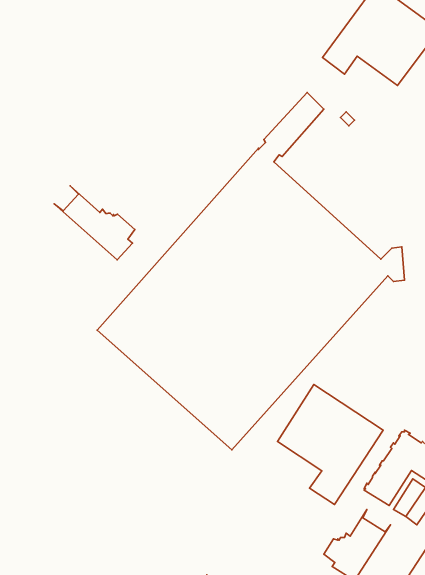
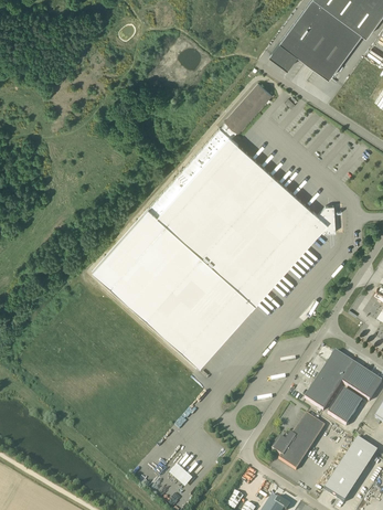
building: [54,186,135,260] -> none
building: [277,385,383,504] -> none

